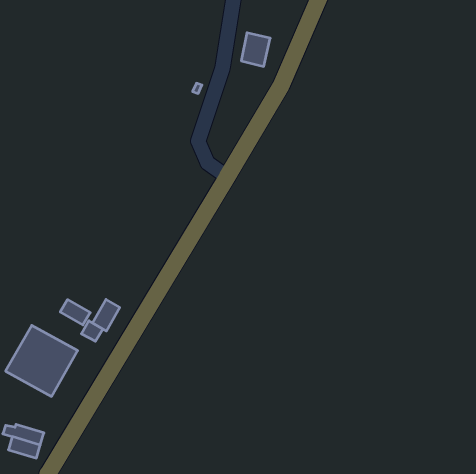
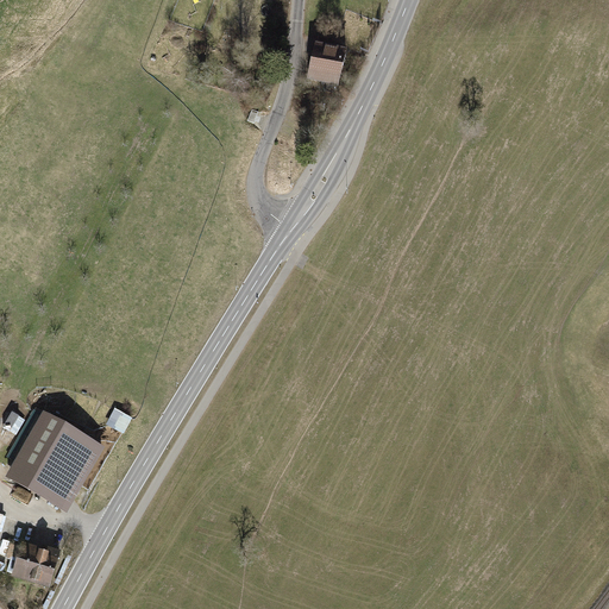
building: [93,299,120,331] -> none
building: [60,300,90,325] -> none

